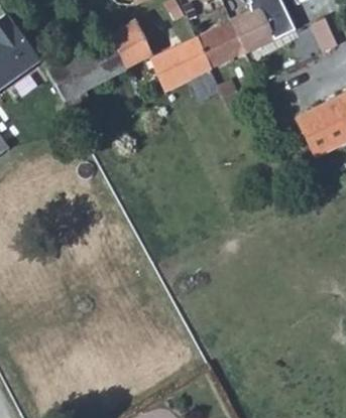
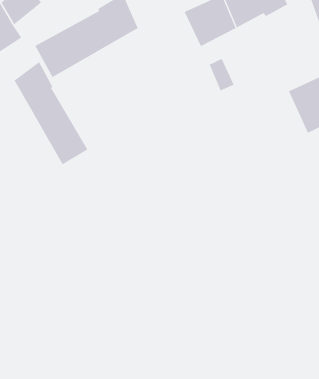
building: [149,36,210,91] -> none
building: none -> [14,61,88,165]

